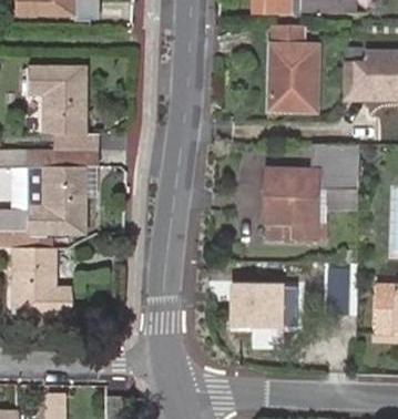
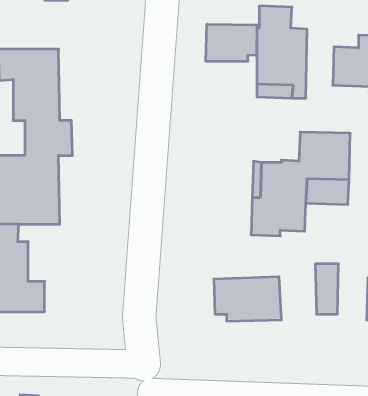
building: none -> [206,24,257,61]

